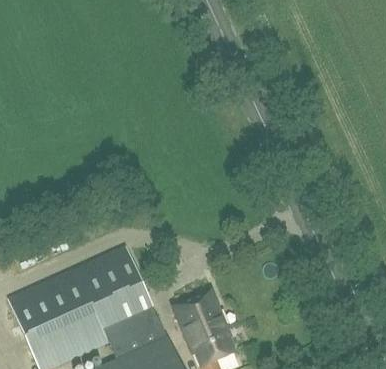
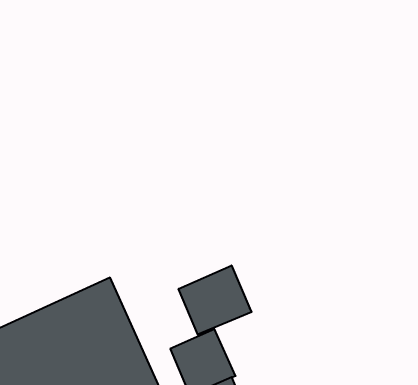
building: none -> [179,265,252,335]

